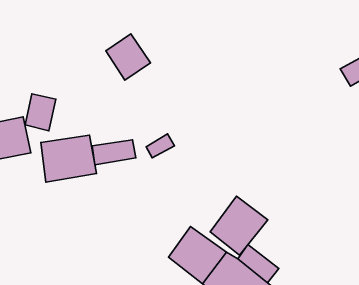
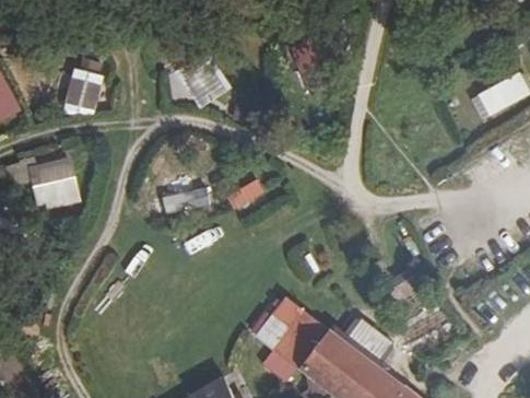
building: [25,94,56,131] -> [61,68,101,115]
building: [41,135,96,182] -> none
building: [210,196,268,255] -> none

